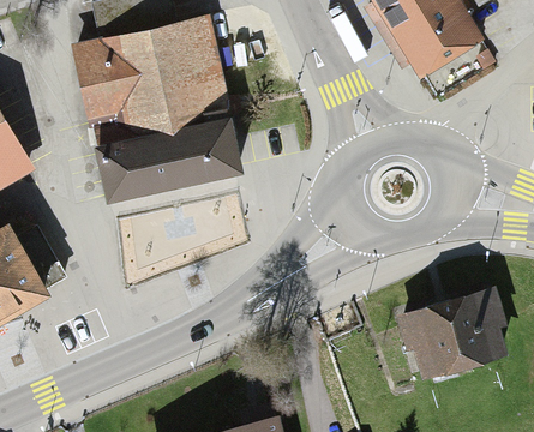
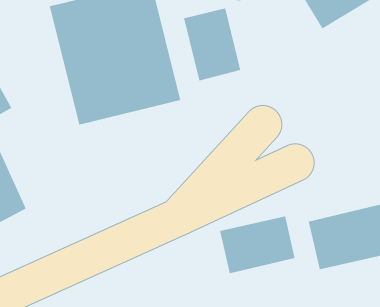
building: none -> [183,8,241,82]
building: none -> [219,216,295,274]

